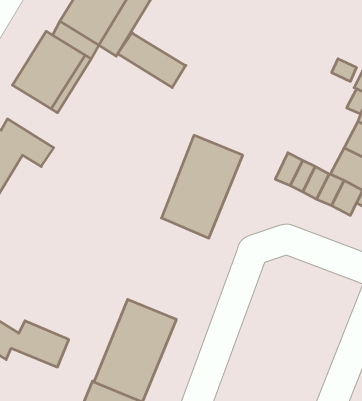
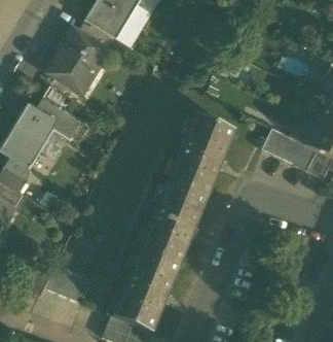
building: [118,33,186,88] -> none
building: none -> [140,180,207,264]

